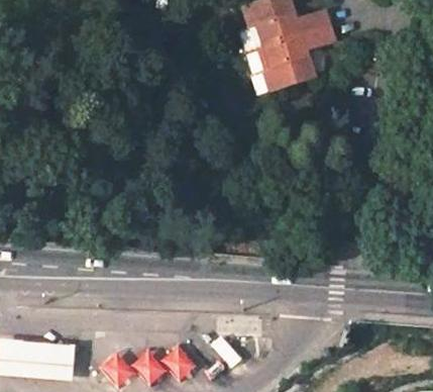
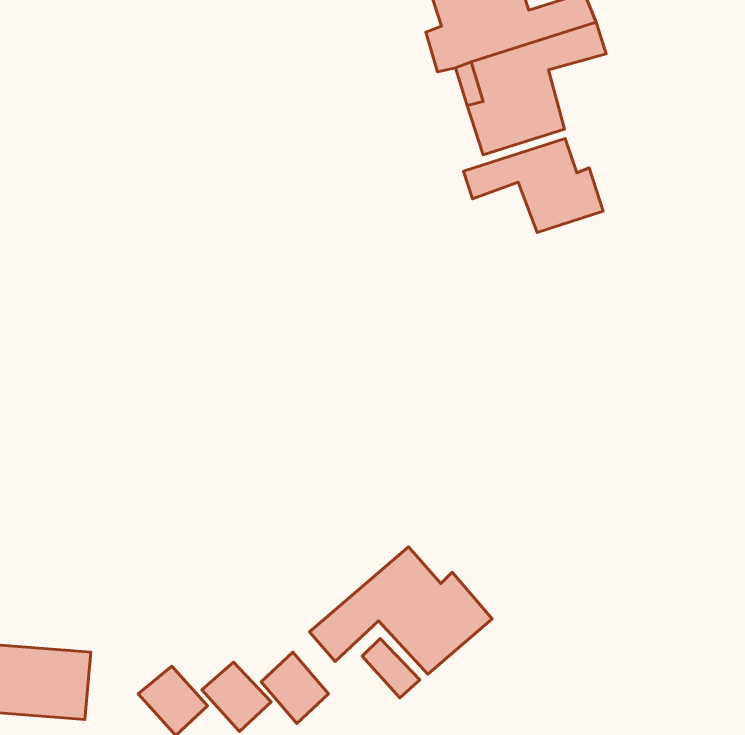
building: none -> [464,138,603,233]
building: none -> [309,547,492,674]

